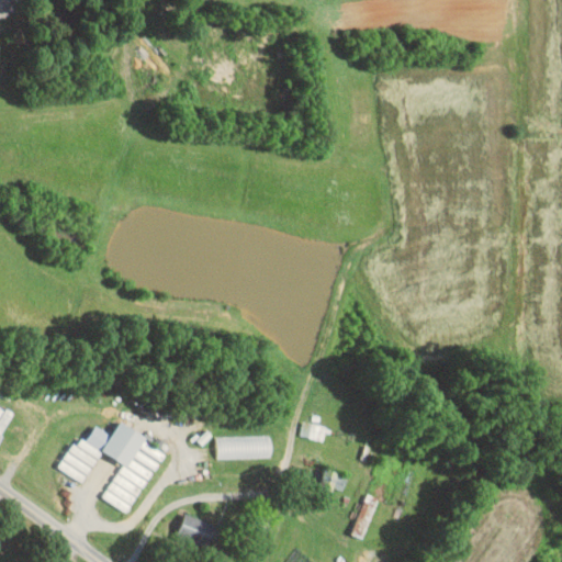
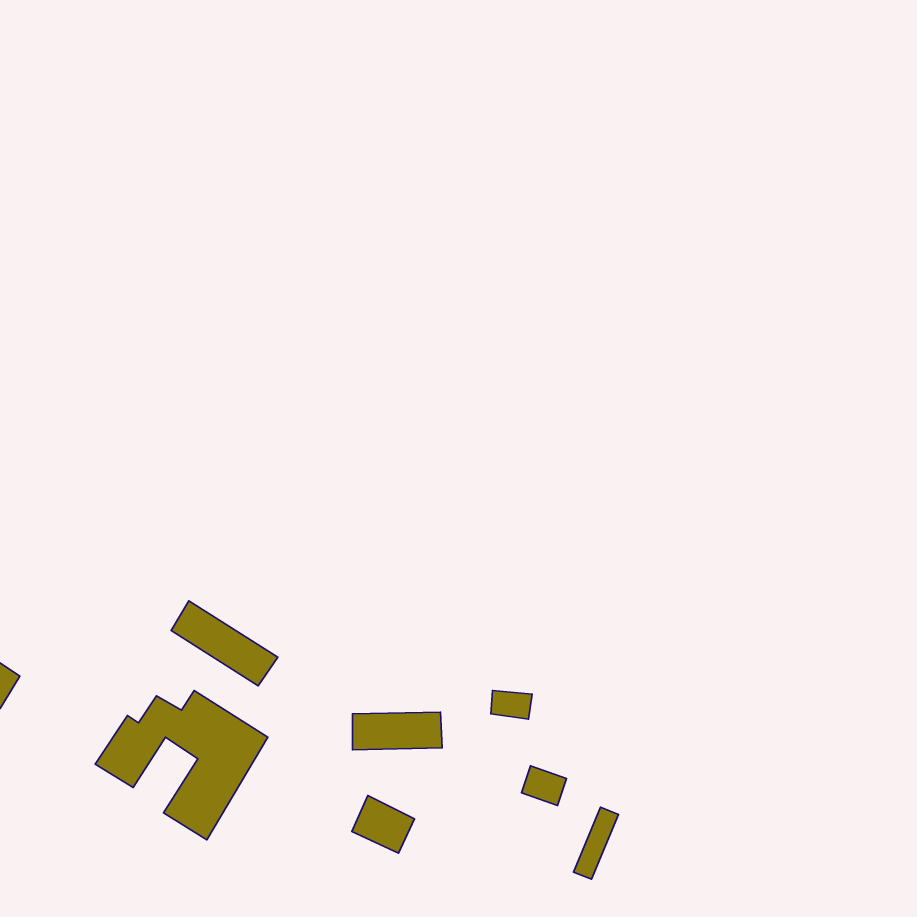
building: none -> [171,601,278,686]
building: [176,513,214,548] -> [352,796,415,853]

